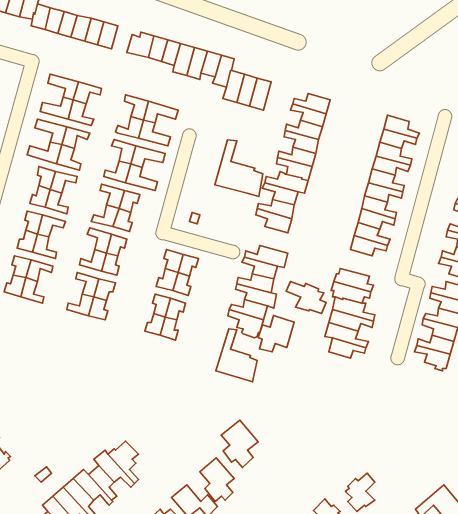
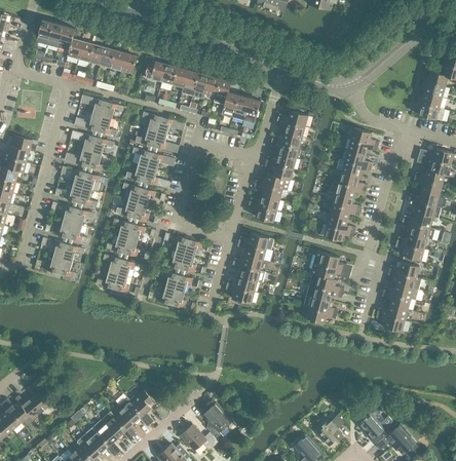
building: [215,140,263,197] -> none
building: [286,282,326,314] -> none
building: [258,315,294,352] -> none
building: [216,329,257,382] -> none
building: [221,420,258,467] -> none
building: none -> [358,413,393,439]

